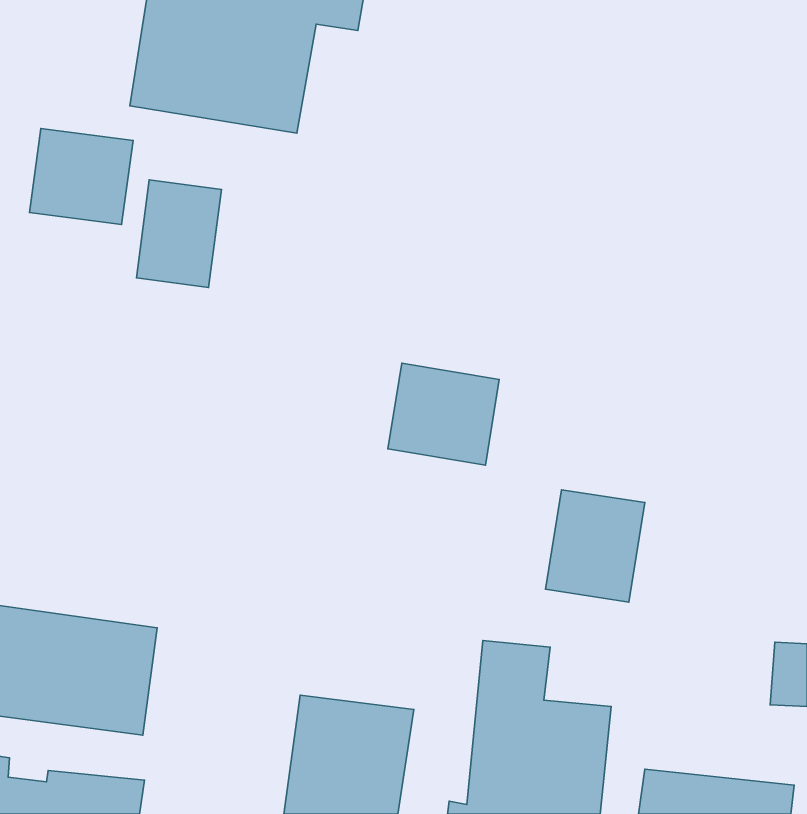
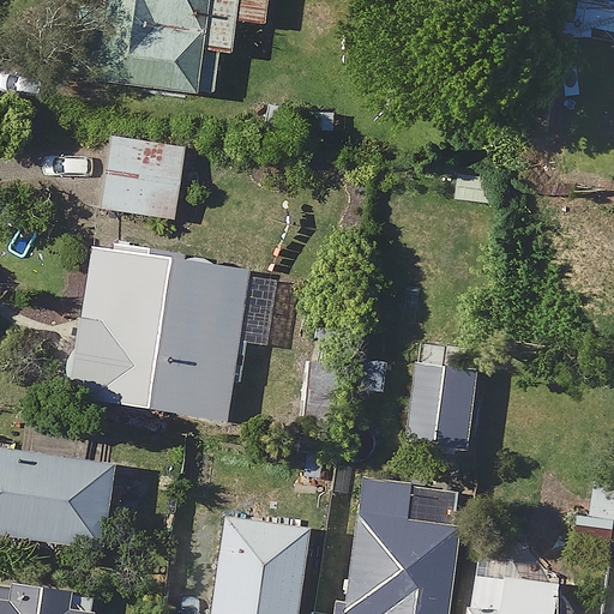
building: [29,128,133,225] -> none
building: none -> [68,245,272,422]
building: [388,363,499,465] -> none

